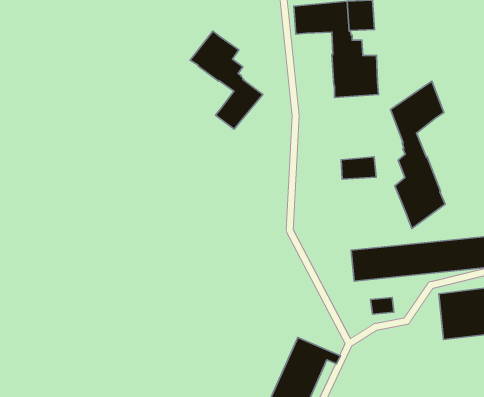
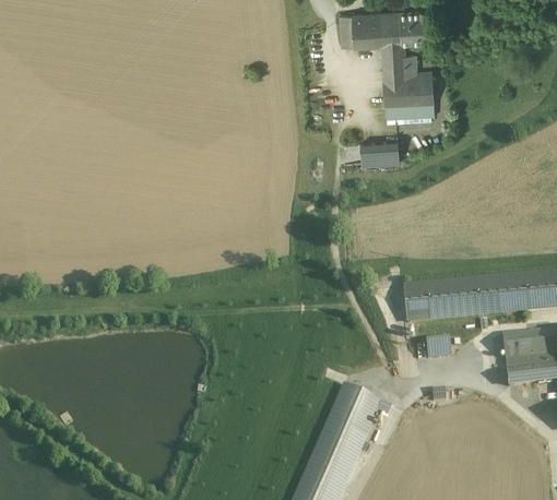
building: [190,31,263,129] -> none
building: [390,81,445,229] -> none
building: [341,157,376,179] -> [359,140,399,165]

